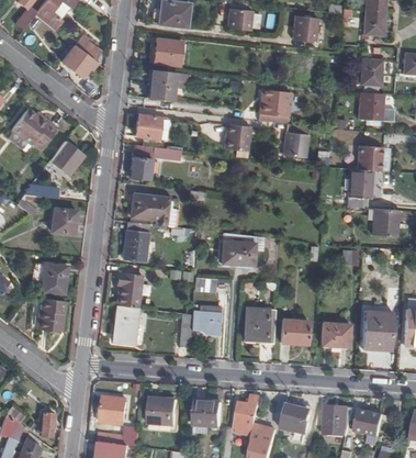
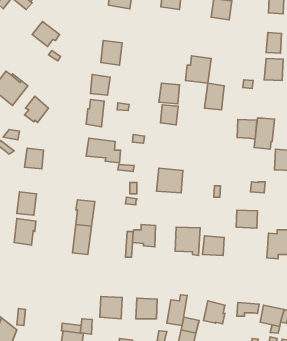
building: [154,38,182,66] -> none
building: [357,146,382,171] -> [237,119,257,139]
building: none -> [161,105,178,125]
building: [123,222,149,261] -> none
building: [322,323,349,346] -> [236,210,258,228]
building: [101,393,126,423] -> none

